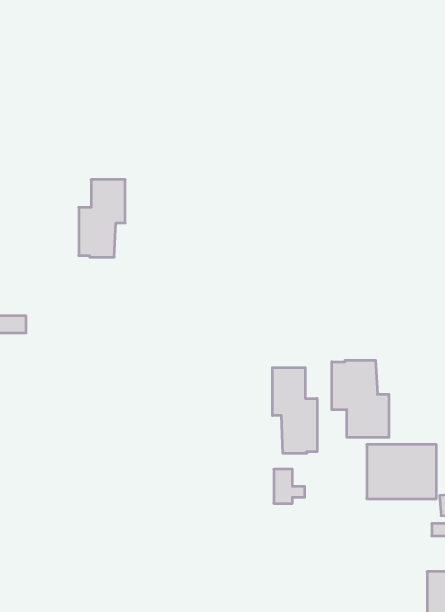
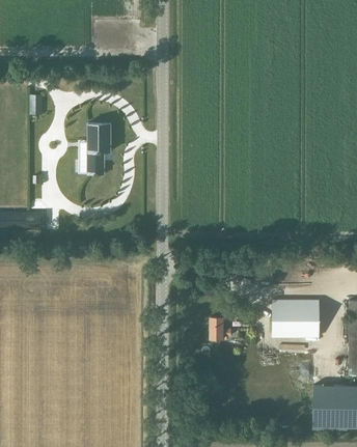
building: [332,360,389,437] -> none
building: [272,368,317,453] -> none

